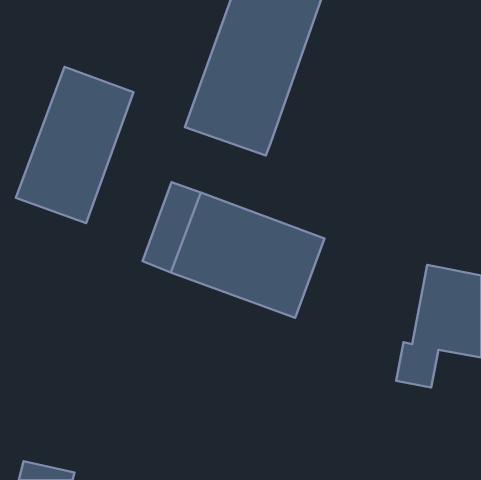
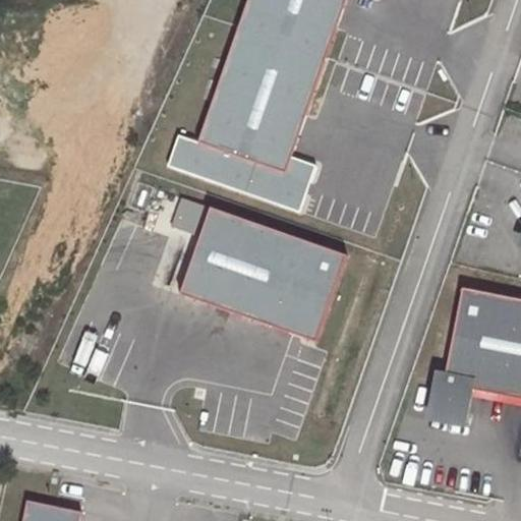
building: [16,67,133,223] -> none
building: none -> [170,131,316,213]

